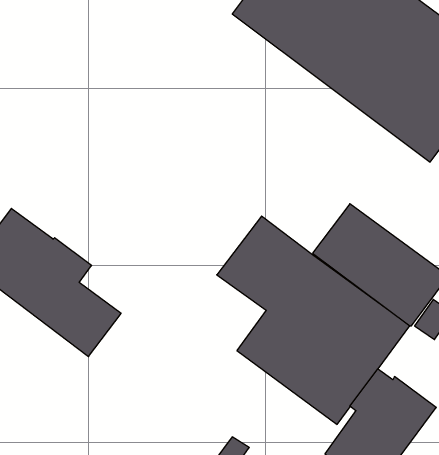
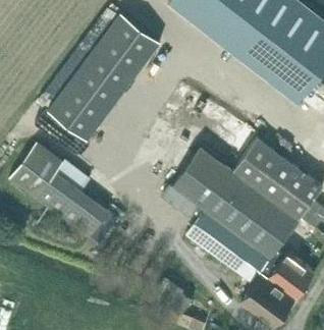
building: none -> [46,12,159,141]

